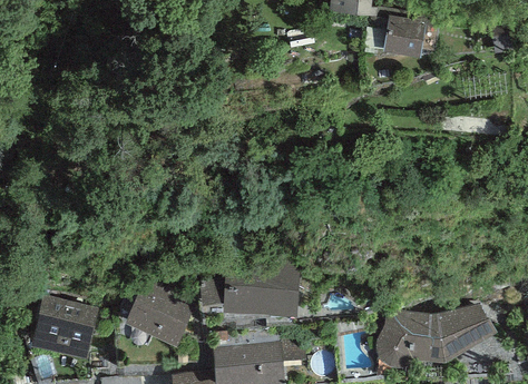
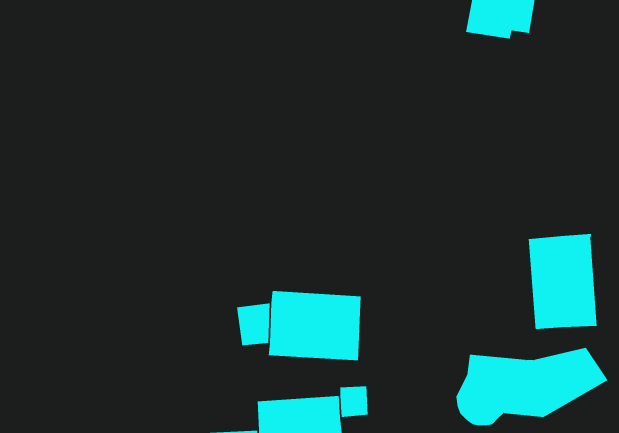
building: none -> [528,233,597,330]
building: [124,276,196,345] -> none
building: [30,295,97,358] -> none

